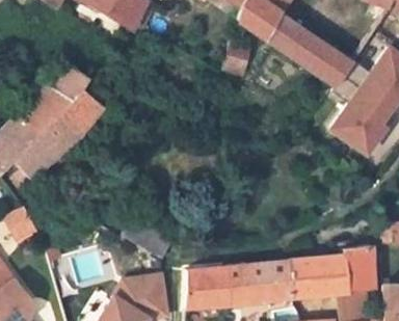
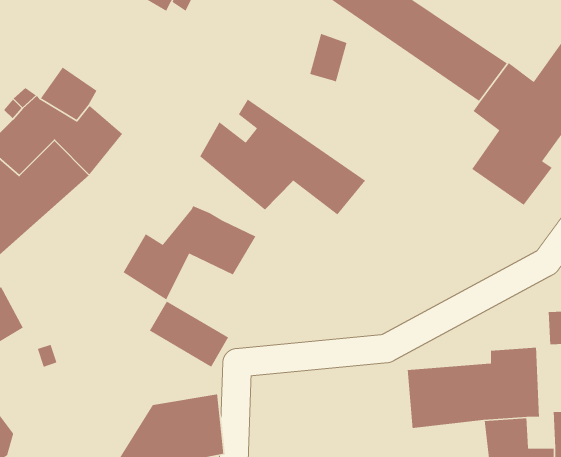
building: none -> [199,99,366,216]
building: none -> [122,205,256,300]
building: [186,260,292,309] -> none

